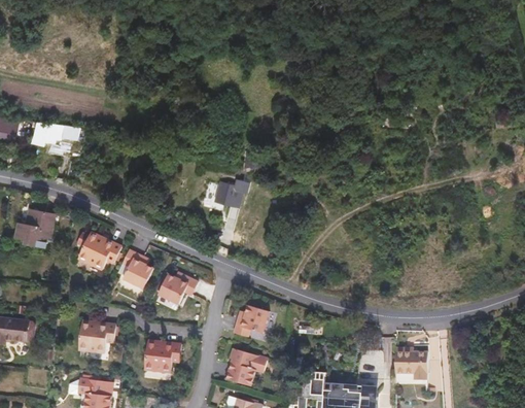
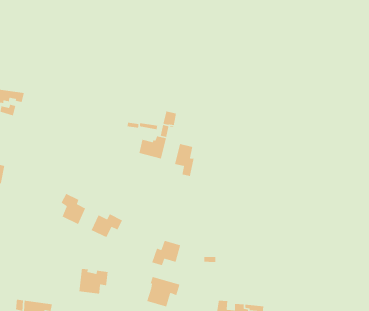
building: none -> [174,143,194,177]
building: [76,231,121,268] -> none
building: [78,319,115,351] -> none
building: [394,348,428,382] -> none

